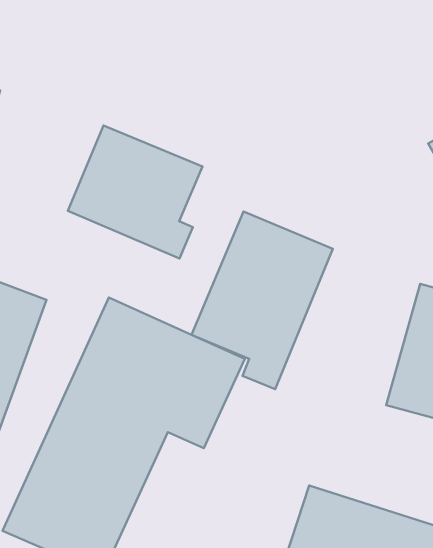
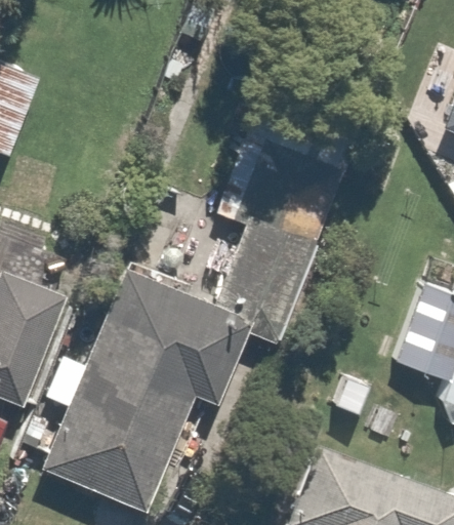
building: [68,126,203,258] -> none

